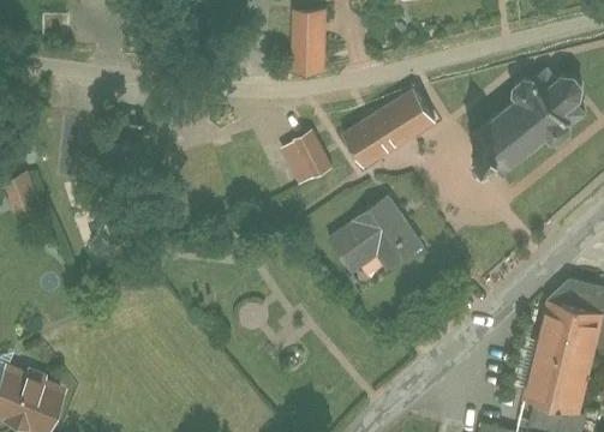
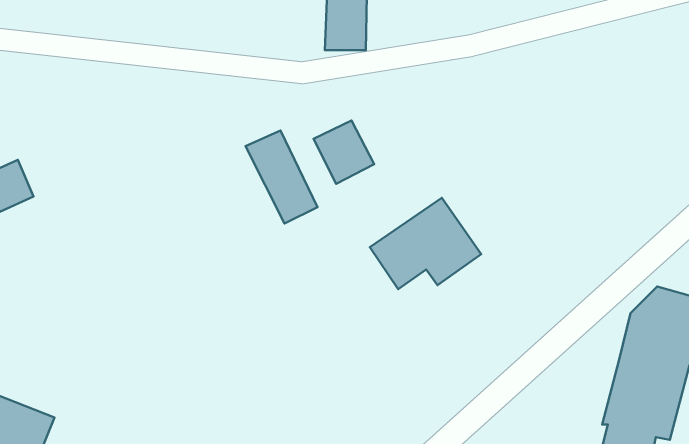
building: [479,70,592,173] -> none
building: [340,86,436,167] -> none
building: none -> [246,131,318,224]

